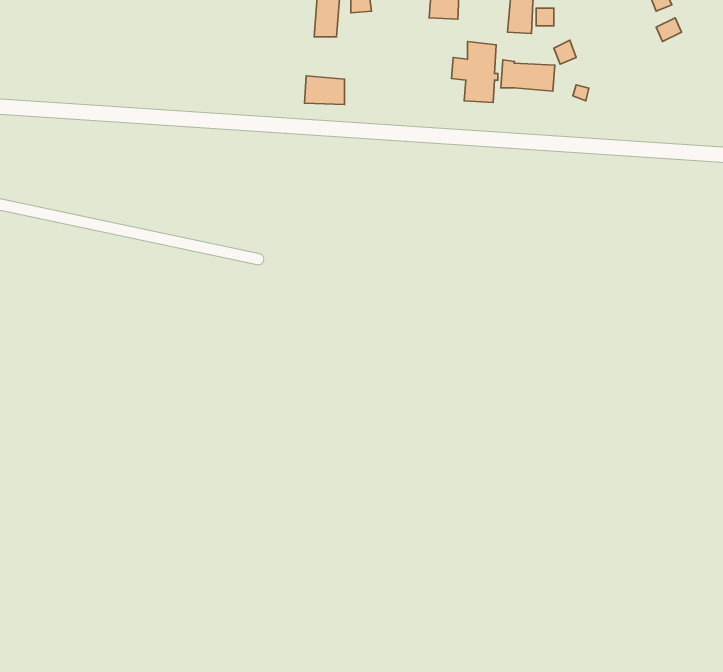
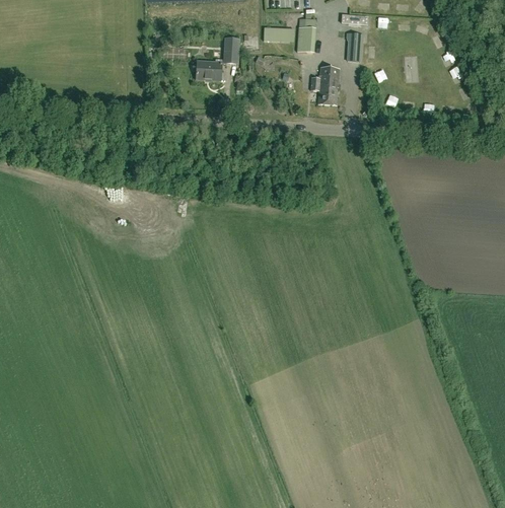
building: [501,60,555,91] -> none
building: [305,76,345,105] -> [195,62,220,80]

